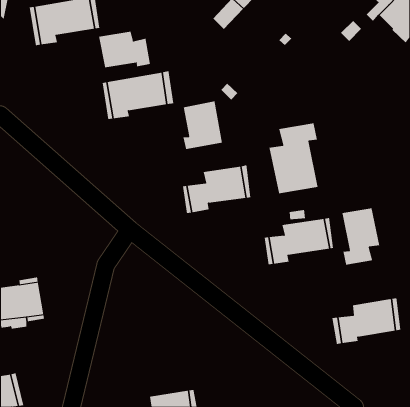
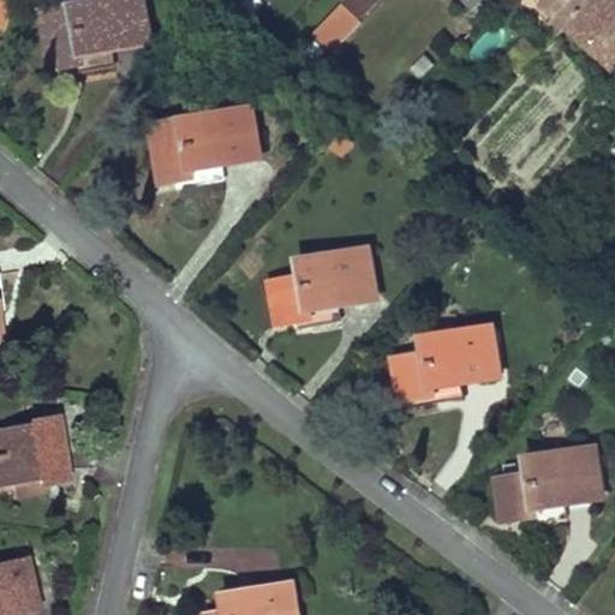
building: [98,31,151,68] -> none
building: [183,101,223,150] -> none
building: [269,122,318,194] -> none
building: [342,207,380,266] -> none

